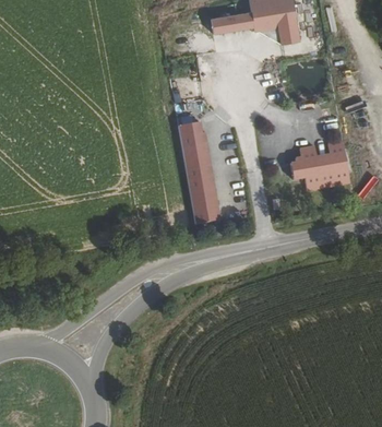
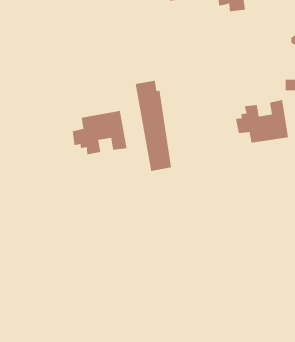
building: none -> [72,110,127,155]

